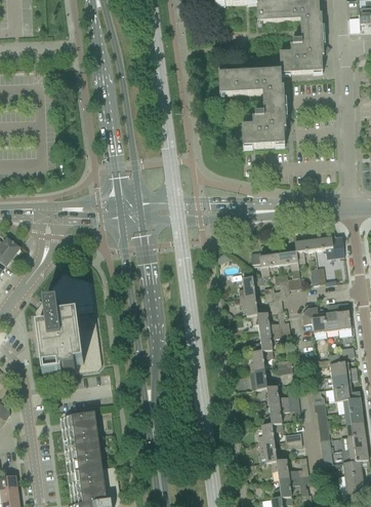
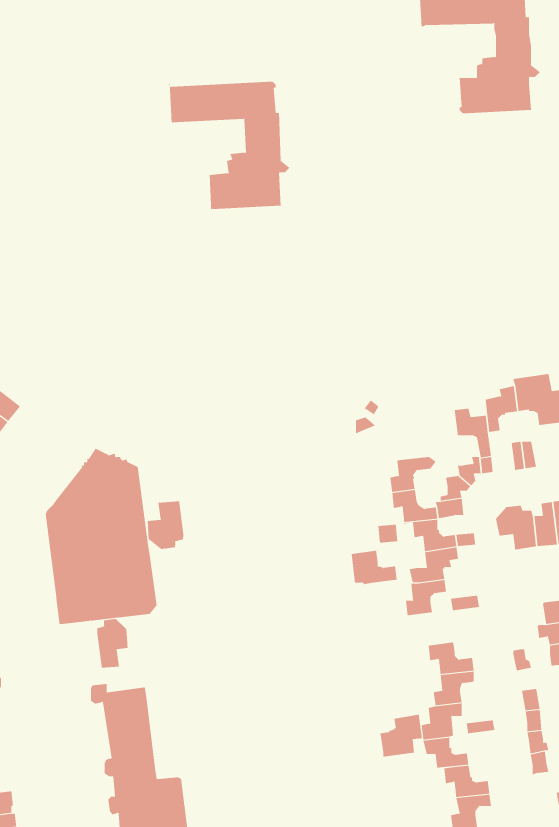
building: [218,72,290,150] -> [169,81,290,213]
building: [251,249,279,280] -> none
building: none -> [147,500,184,550]
building: [249,369,277,390] -> [351,550,398,585]
building: none -> [97,618,128,668]
building: none -> [380,714,422,758]

